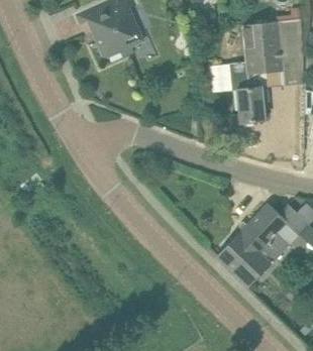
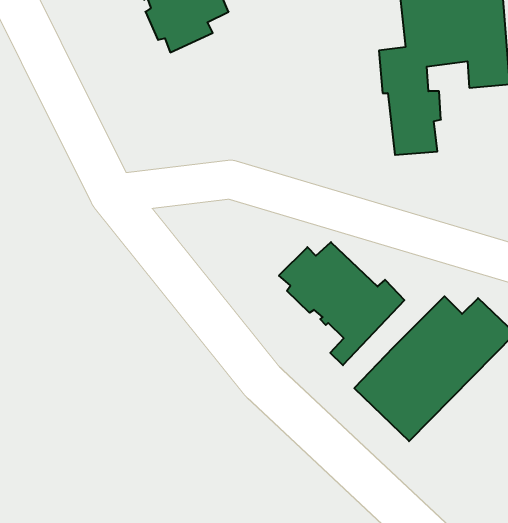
building: none -> [279,242,404,365]

